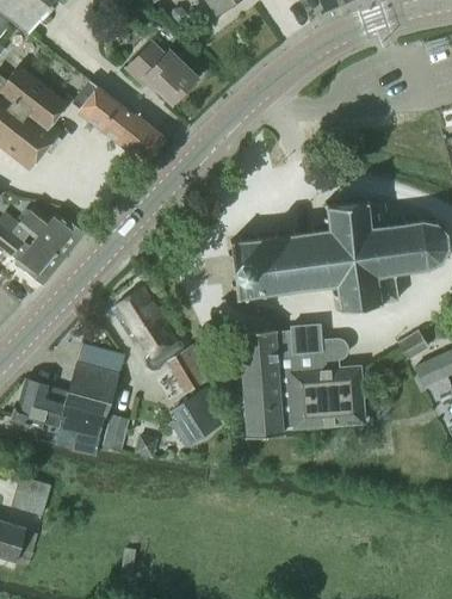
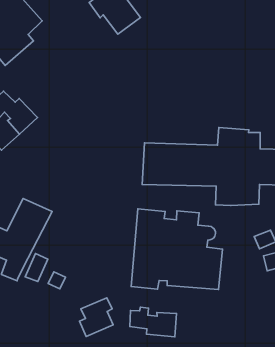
building: [72,79,165,163] -> none
building: [111,288,210,391] -> none
building: [173,389,219,445] -> [80,298,113,337]
building: none -> [130,307,176,337]

